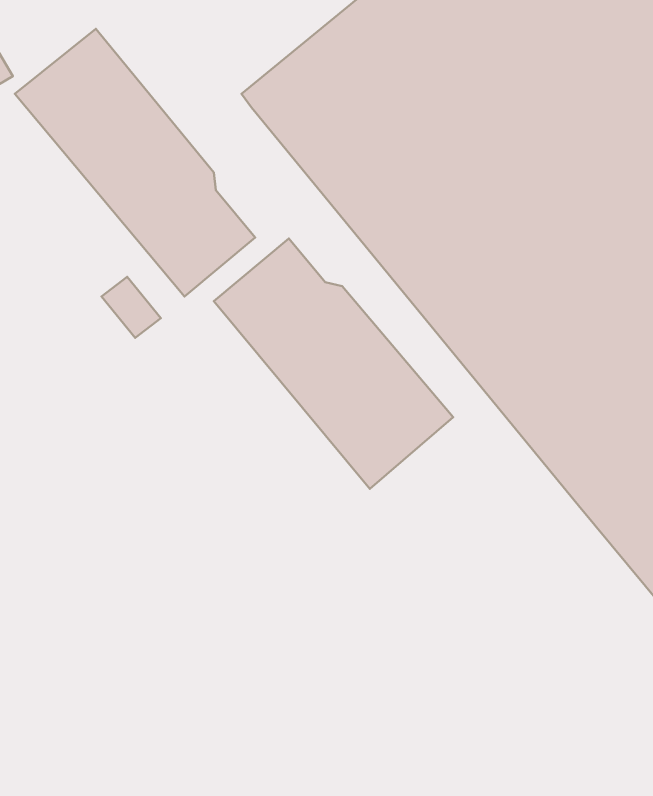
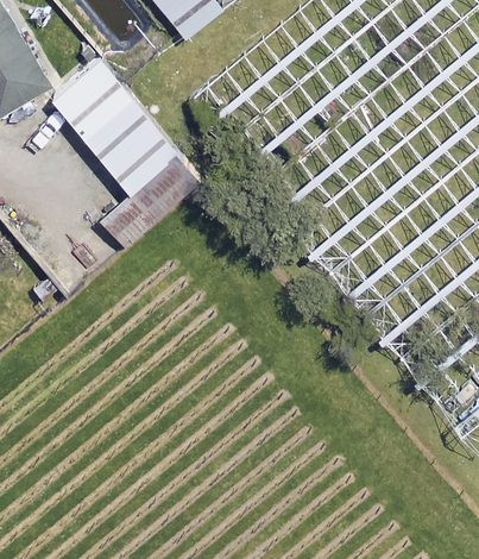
building: [214,239,453,489] -> none

